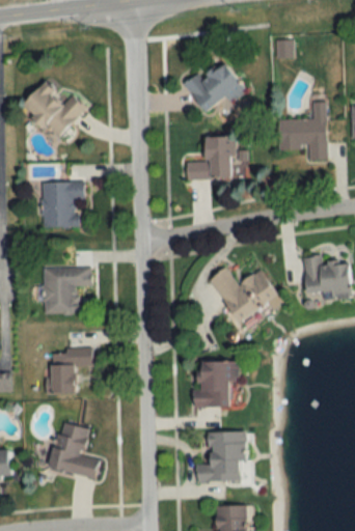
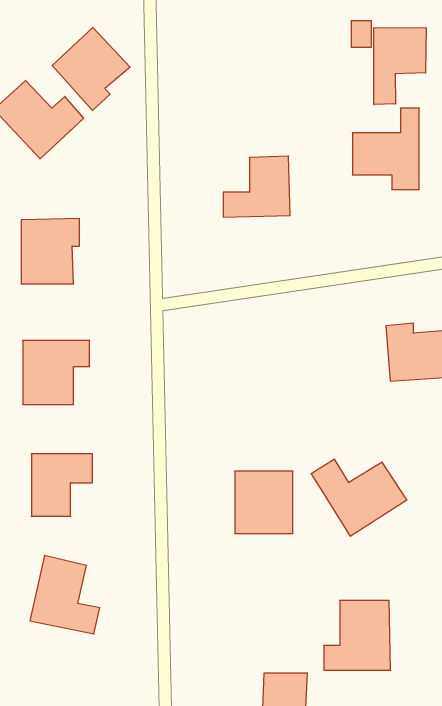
building: none -> [52,28,130,111]
building: none -> [374,28,426,105]
building: [185,60,247,112] -> none
building: [210,268,278,323] -> [311,459,407,536]
building: [196,431,244,481] -> [324,600,391,670]

